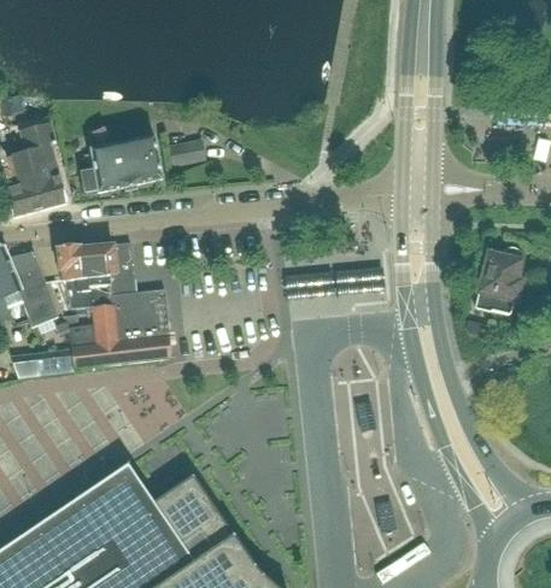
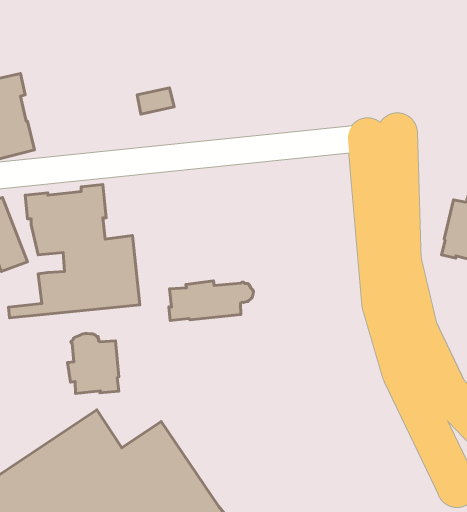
building: [81,135,162,192] -> none
building: none -> [169,281,253,321]
building: none -> [68,333,119,393]

